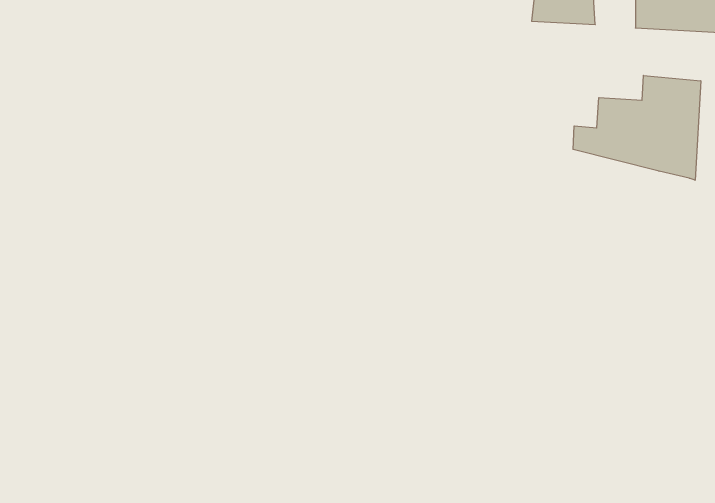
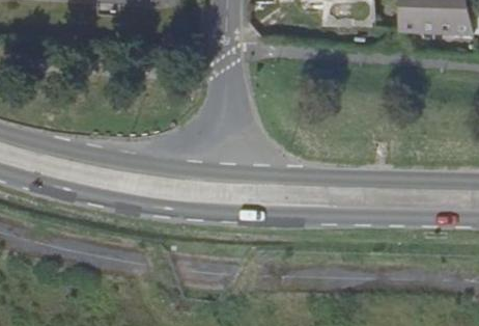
building: [573,75,701,180] -> none

